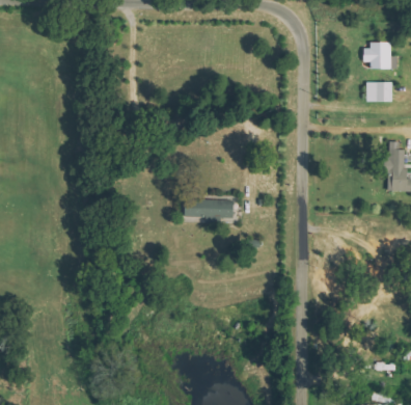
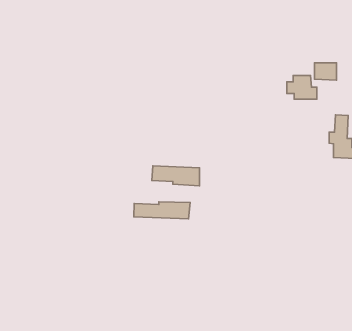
building: [362,42,396,69] -> [287,75,317,99]
building: none -> [134,202,190,219]

